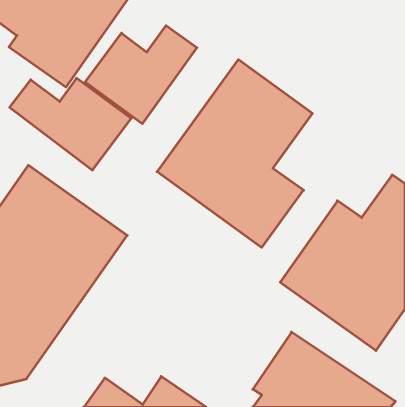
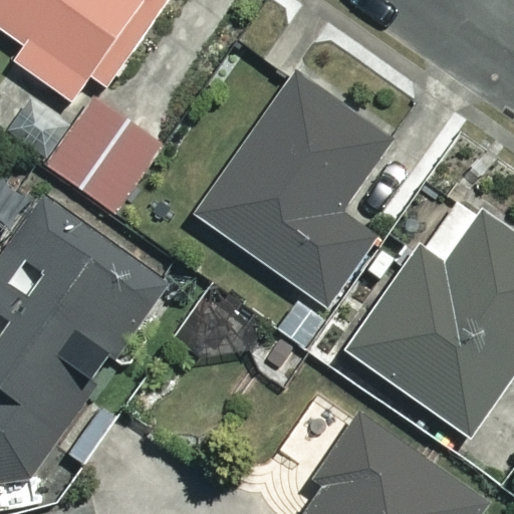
building: [85,26,197,124] -> none

